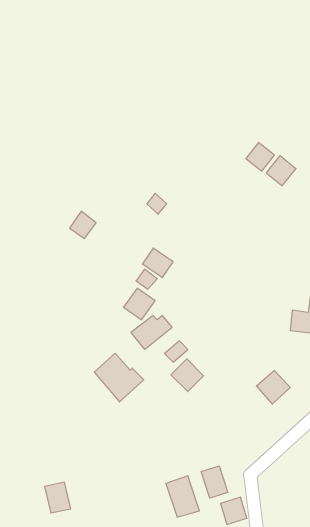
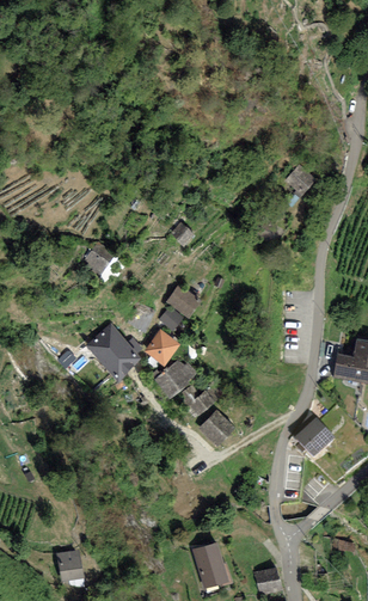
building: [266,156,296,186] -> none
building: [94,353,144,402] -> [87,321,143,376]
building: [201,466,228,498] -> none

